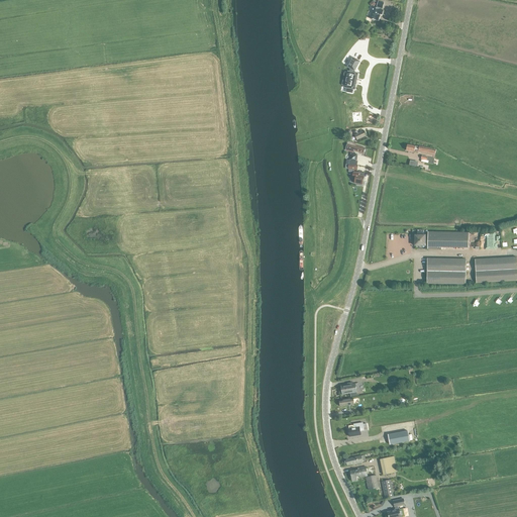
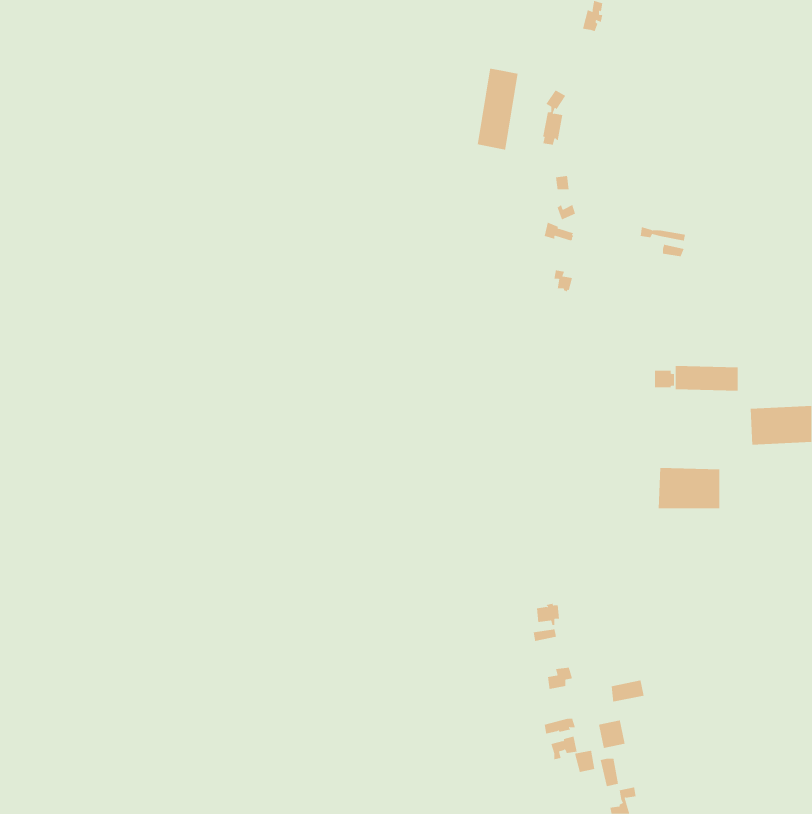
building: none -> [477,68,518,150]
building: [426,257,466,284] -> [658,467,720,509]

